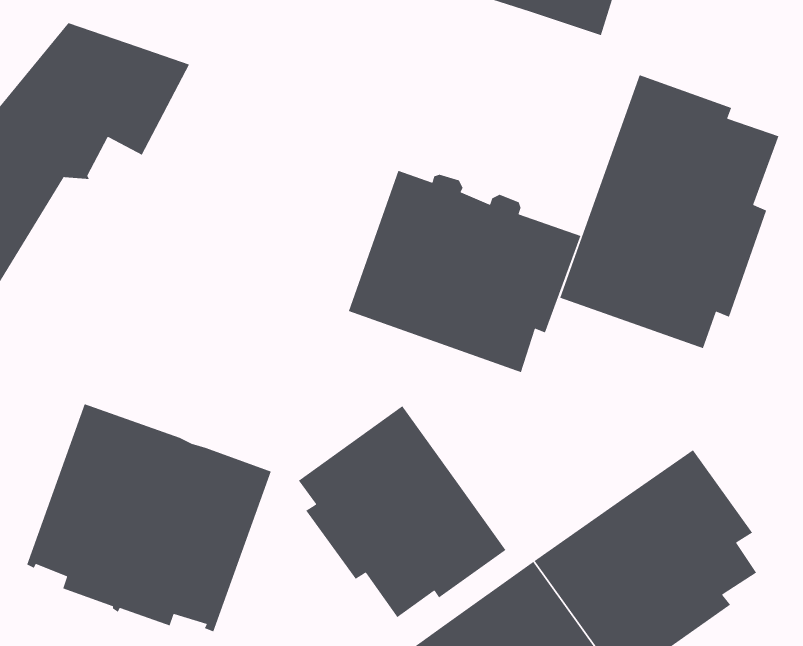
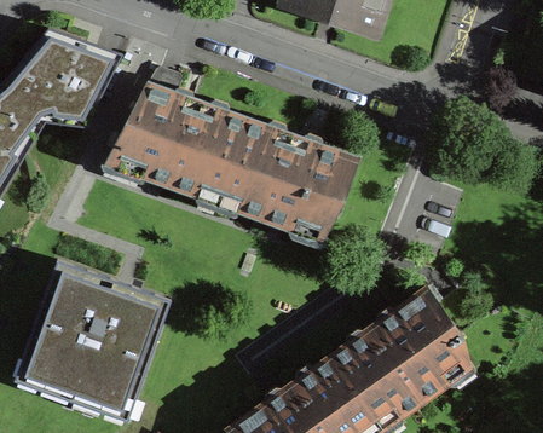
building: [559,74,779,349] -> none
building: none -> [114,85,247,206]
building: [298,405,506,618] -> none

